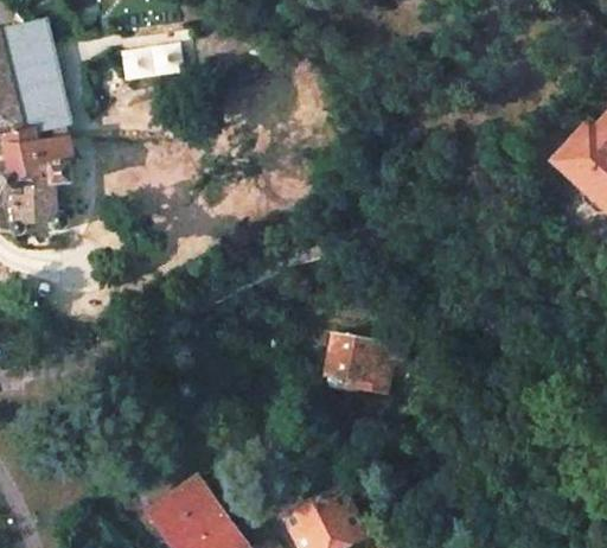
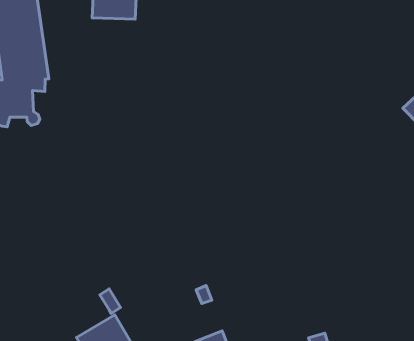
building: [324,332,410,394] -> none

